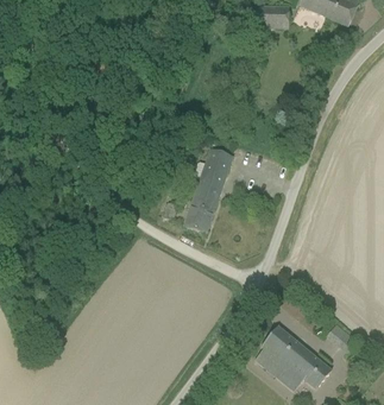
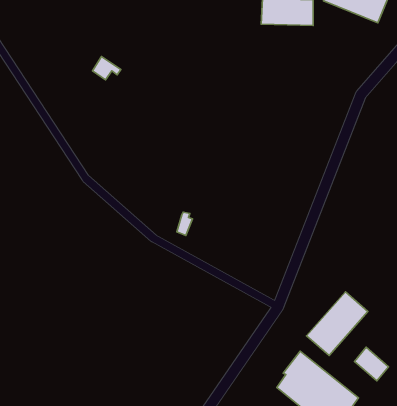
building: [184,147,233,233] -> none
building: none -> [307,292,368,355]

